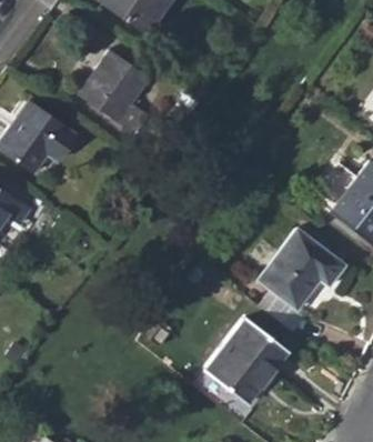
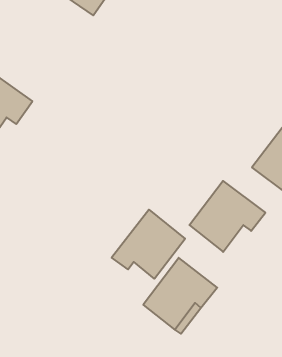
building: [80,51,150,134] -> none
building: none -> [112,210,185,279]

